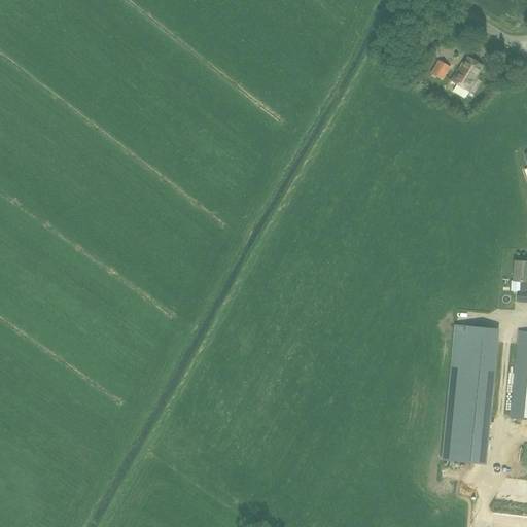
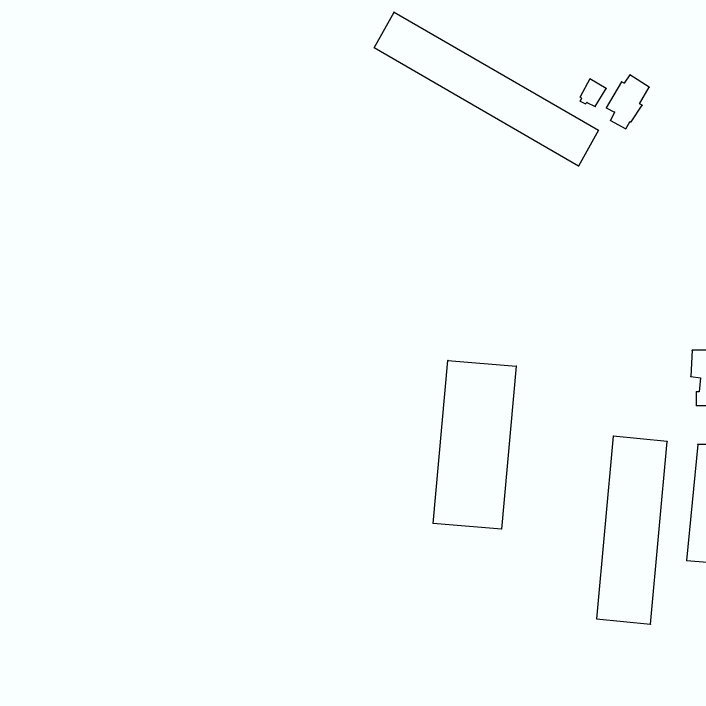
building: none -> [374,12,598,166]
building: none -> [433,360,516,529]

